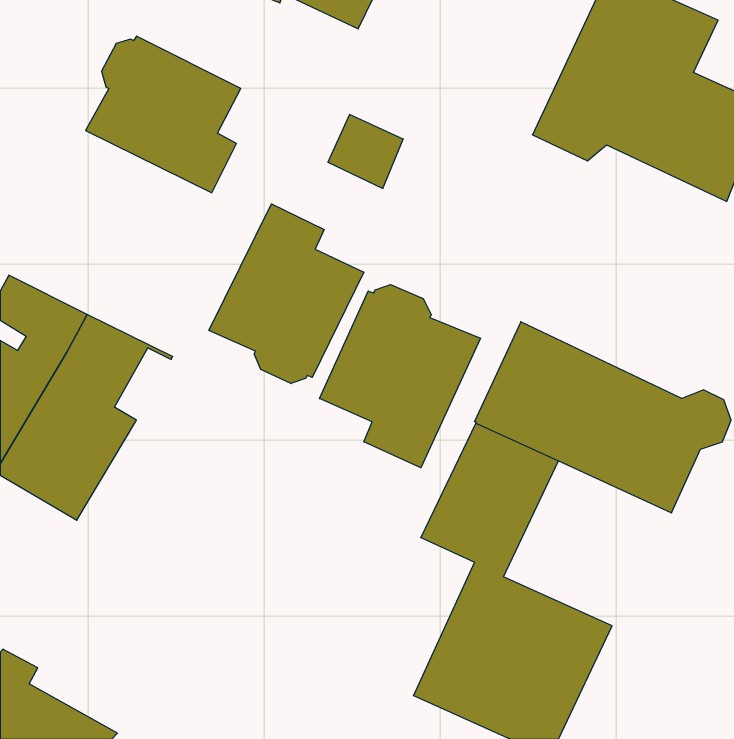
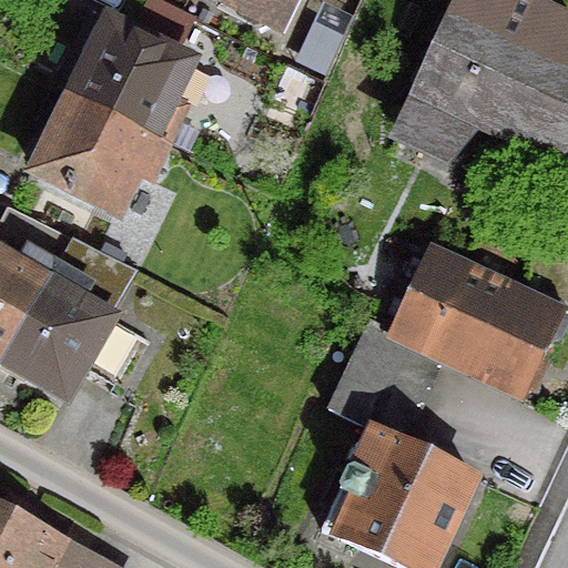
building: none -> [31,100,168,214]
building: [209,204,364,384] -> none
building: [319,285,480,468] -> none

